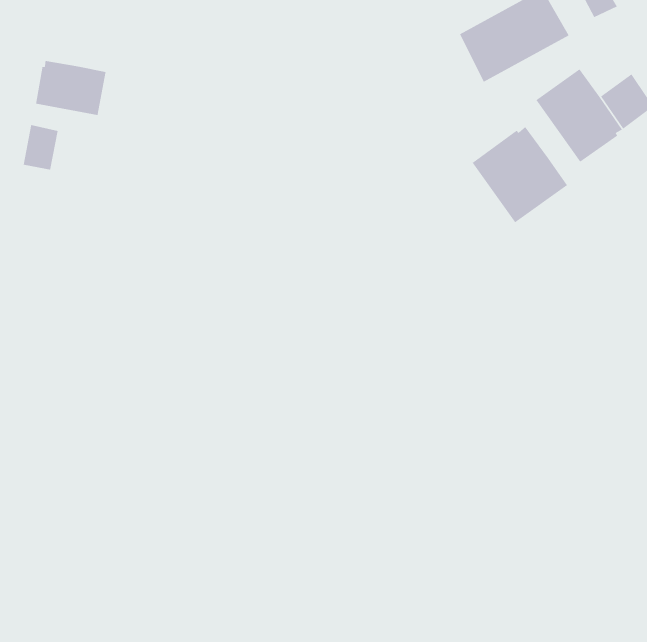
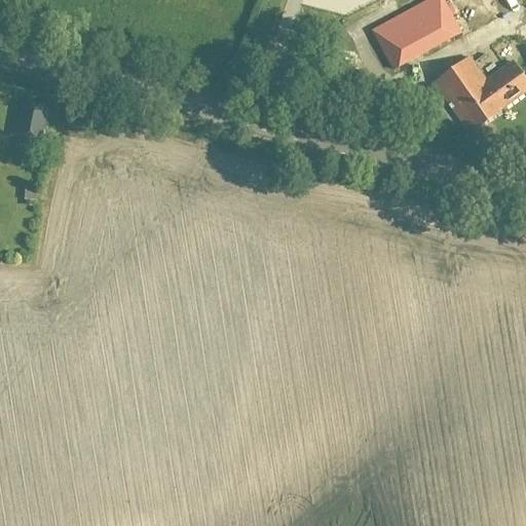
building: [35,60,106,116] -> none
building: [472,126,568,223] -> none

